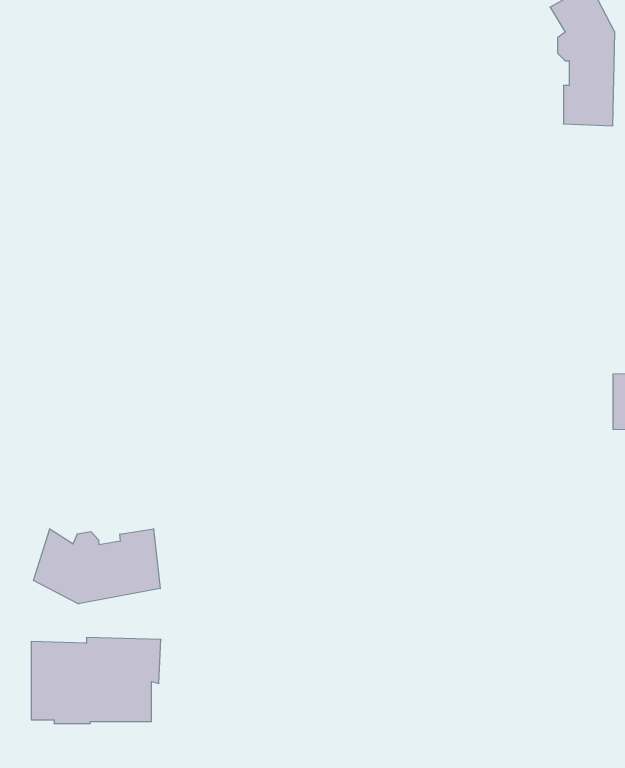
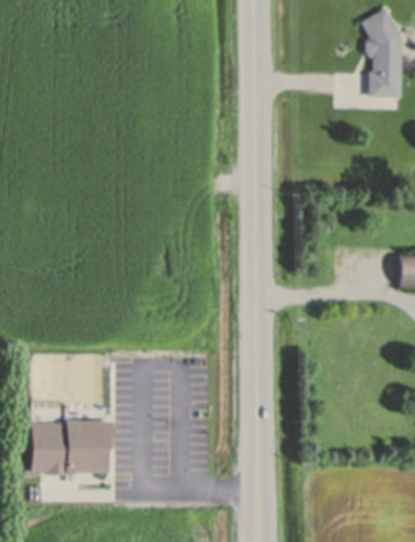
building: [34,529,160,604] -> none

